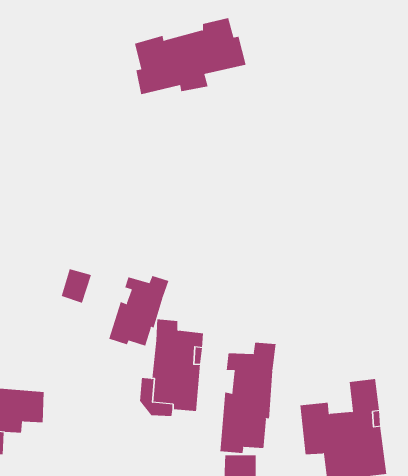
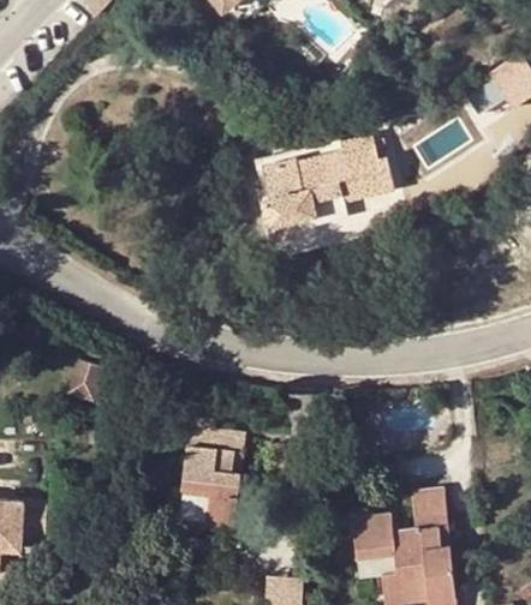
building: [134,18,246,95] -> [259,134,390,224]
building: [108,275,169,346] -> none
building: [220,342,276,454] -> none

